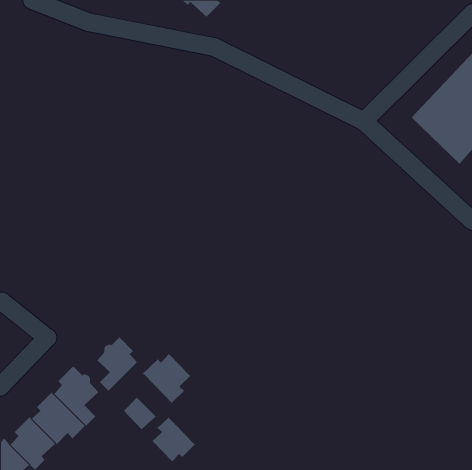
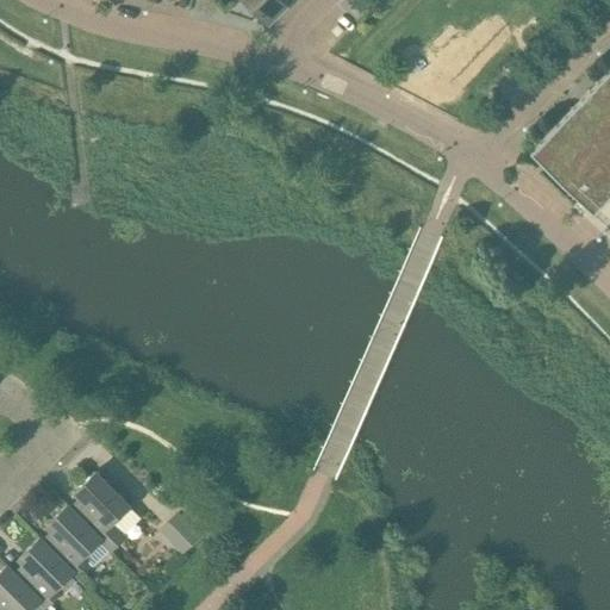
building: [96,337,138,391] -> none
building: [142,354,191,404] -> none
building: [151,416,196,462] -> none

